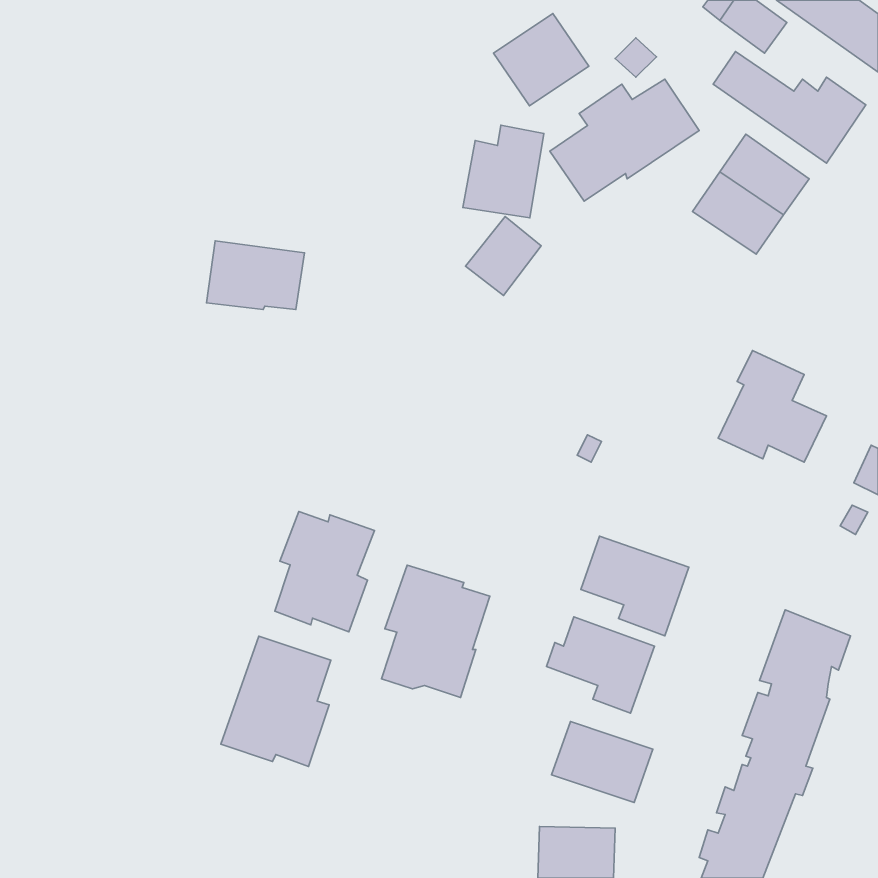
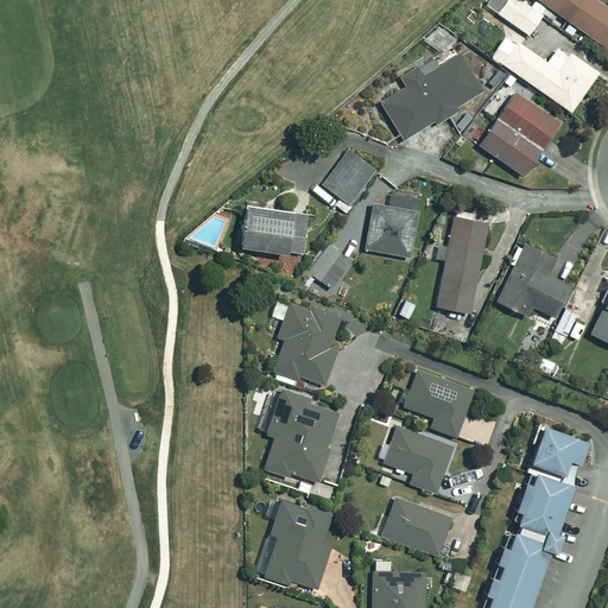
building: [493,14,589,106] -> none
building: [463,125,544,218] -> [365,194,420,258]
building: [206,241,304,310] -> [241,207,309,254]
building: none -> [436,210,488,315]
building: none -> [308,243,353,290]
building: [275,511,374,632] -> [272,302,341,385]
building: [221,636,331,767] -> [255,499,331,589]

